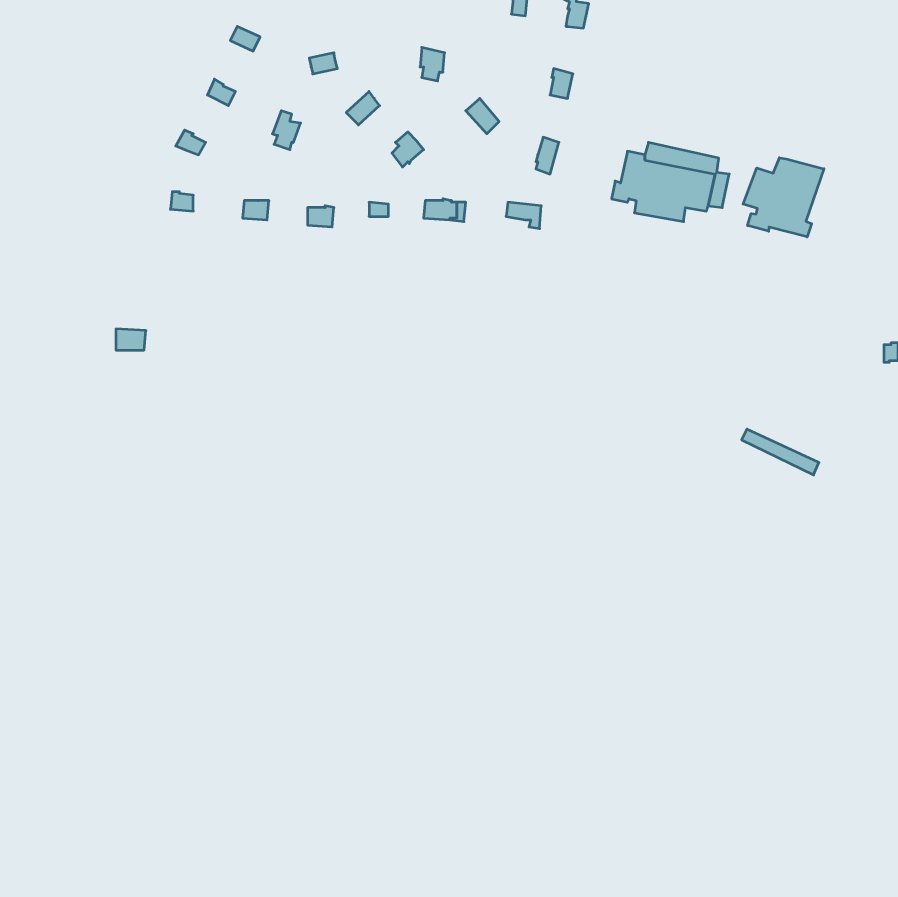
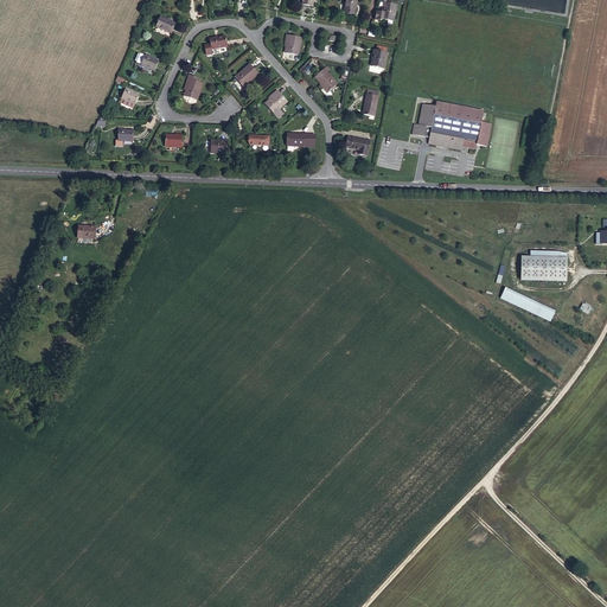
building: [743,158,824,237] -> none
building: none -> [522,256,567,281]

